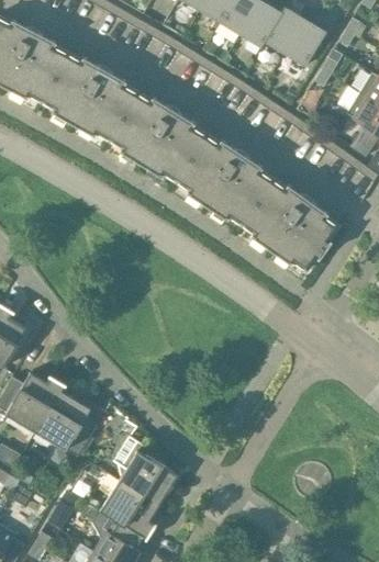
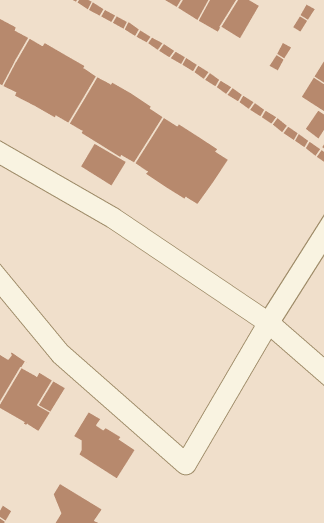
building: [285,20,325,66] -> none
building: none -> [80,143,127,187]
building: [241,178,338,271] -> none
building: [99,480,158,540] -> none

